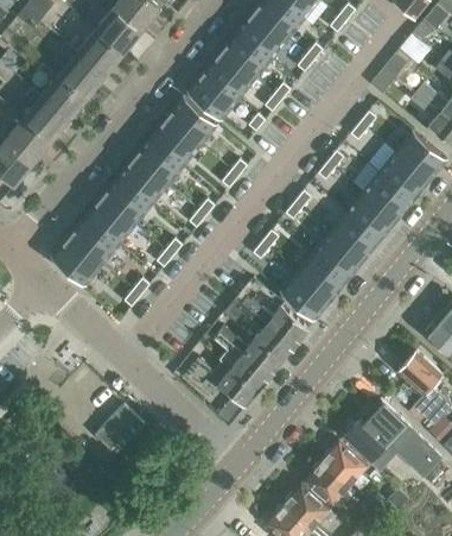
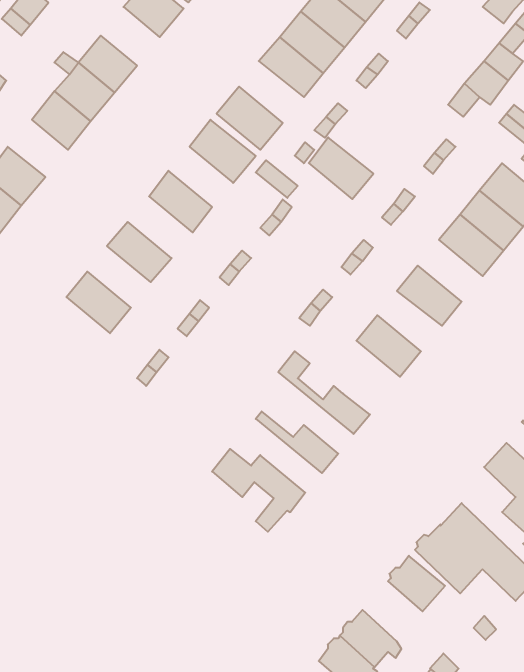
building: [96,7,142,53] -> none
building: [205,50,256,99] -> [309,137,373,199]
building: [23,96,70,141] -> none
building: [149,118,200,165] -> none
building: [117,157,168,206] -> none
building: [346,191,397,240] -> none
building: [85,196,135,245] -> none
building: [314,232,365,279] -> none
building: [51,237,103,285] -> none
building: [281,271,332,320] -> none
building: [223,296,295,360] -> none
building: [214,333,270,391] -> none
building: [82,402,147,468] -> none
building: [305,461,350,507] -> none

